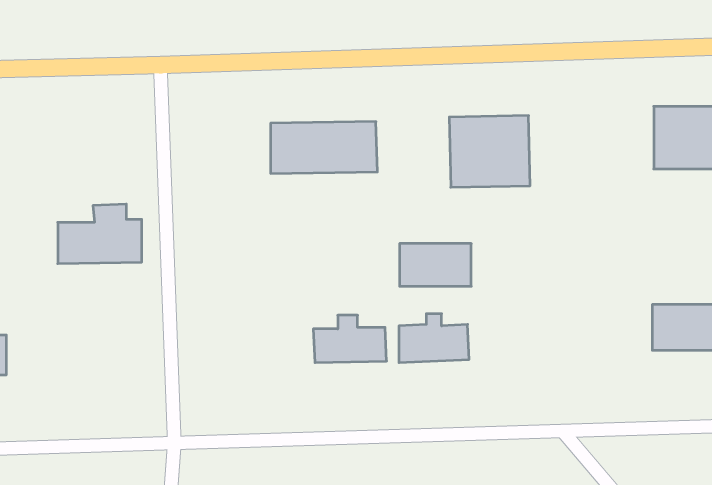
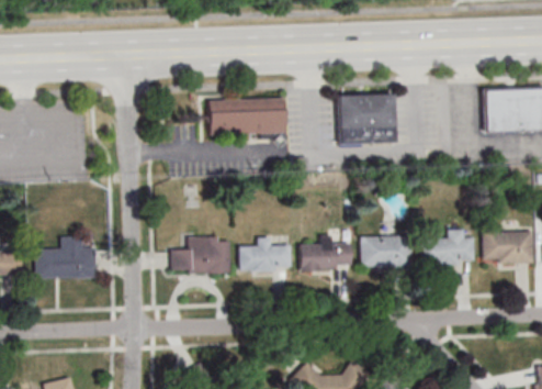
building: [58,204,142,264] -> [35,236,95,279]
building: [400,244,471,286] -> [361,236,413,267]
building: none -> [422,230,474,265]
building: none -> [171,236,230,274]

